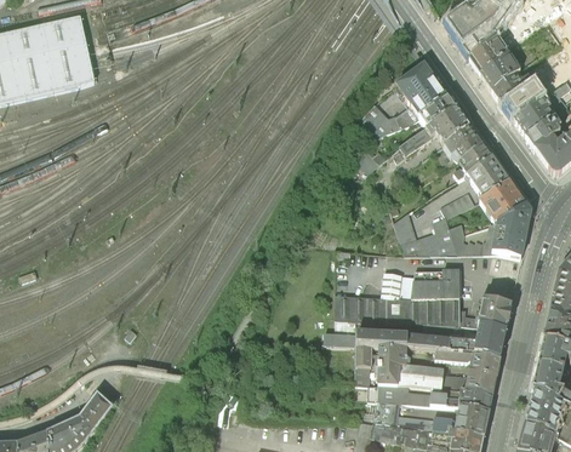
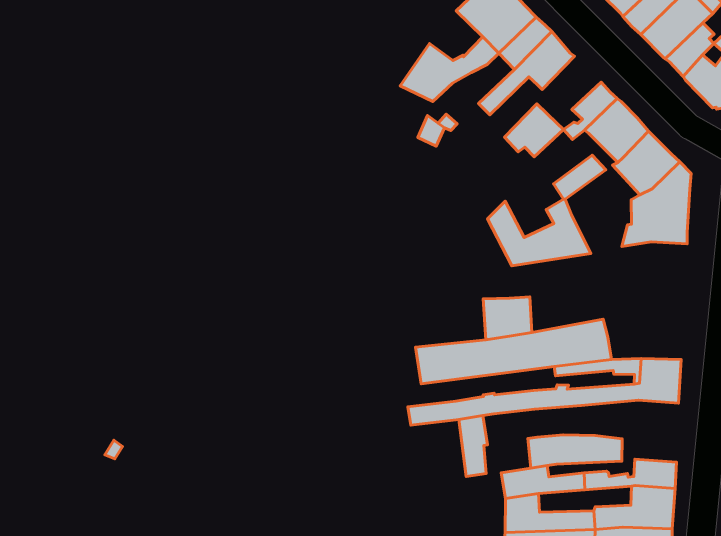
building: [444,124,483,158] -> [504,104,564,157]
building: [450,221,485,252] -> none
building: [412,268,459,297] -> none
building: [461,298,512,330] -> none
building: [378,345,406,384] -> none
building: [435,349,499,395] -> none

